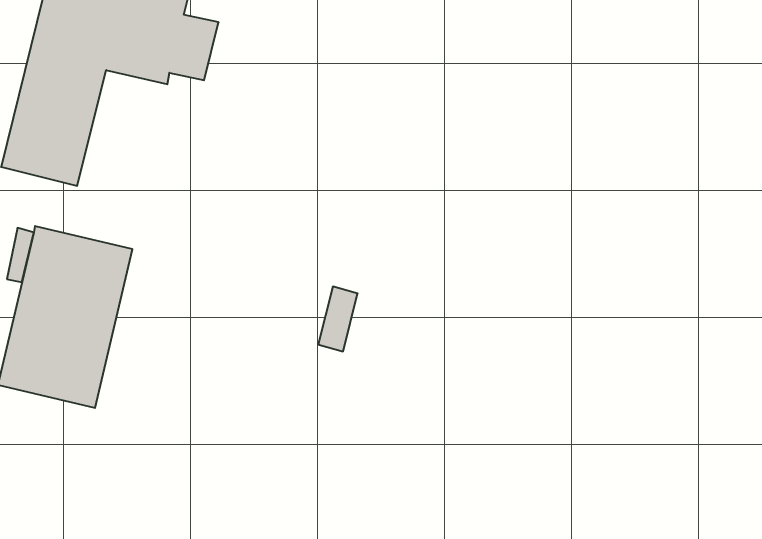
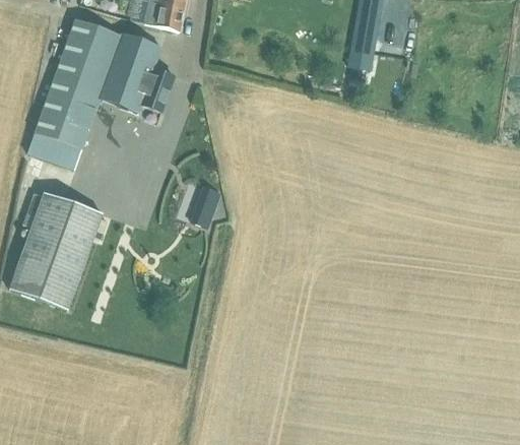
building: [318,287,358,351] -> [192,185,220,227]

